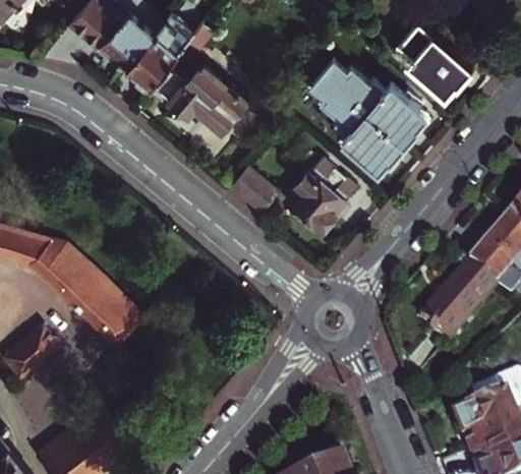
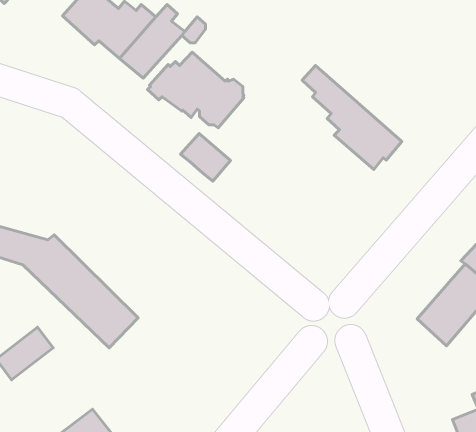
building: [399,24,471,98] -> none
building: [319,57,427,146] -> none
building: [287,162,356,231] -> none
building: [224,168,273,215] -> [181,133,230,181]

